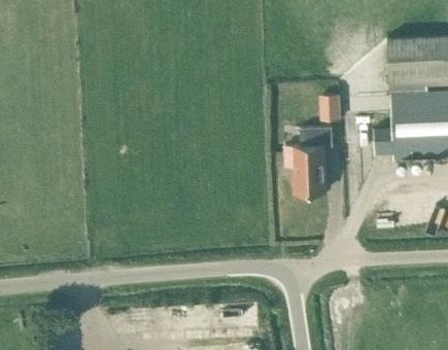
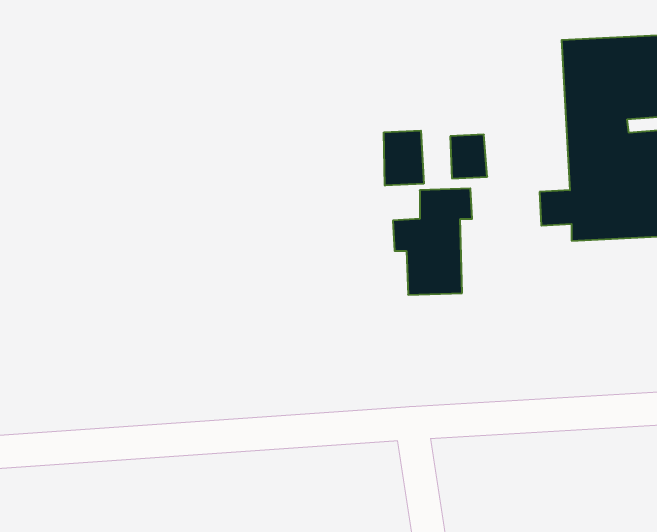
building: none -> [384,131,424,186]

